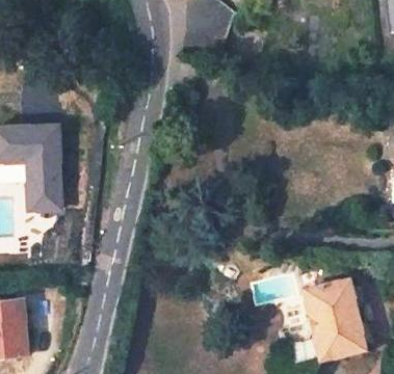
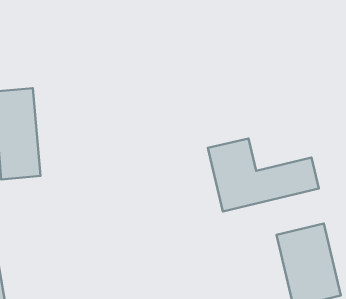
building: none -> [208,138,319,211]

